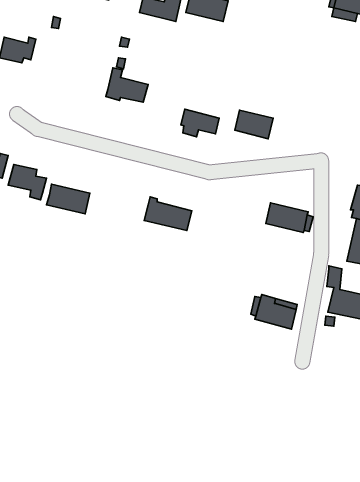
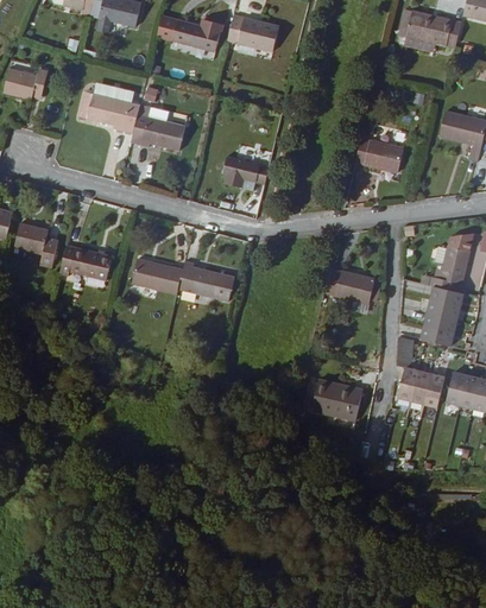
building: none -> [80,90,140,131]
building: [235,110,273,139] -> [355,138,402,172]
building: none -> [132,259,183,294]

